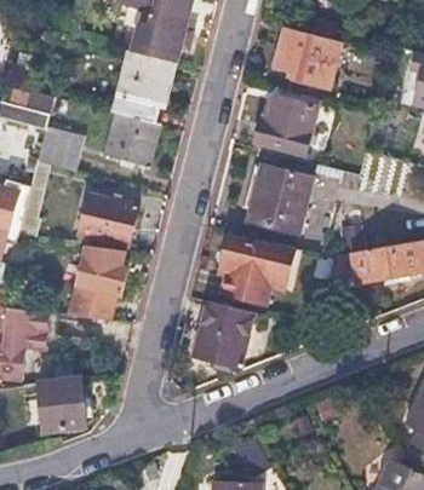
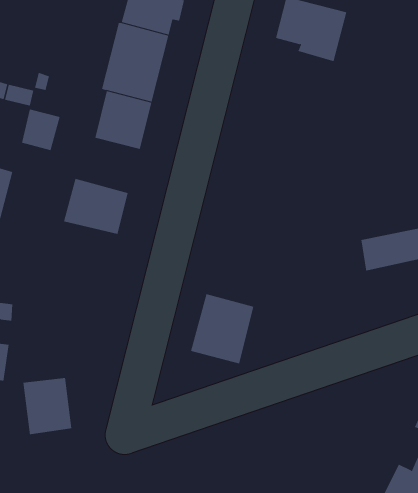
building: [252,96,315,156] -> none
building: [246,163,314,232] -> none
building: [217,236,292,305] -> none
building: [68,247,127,321] -> none

